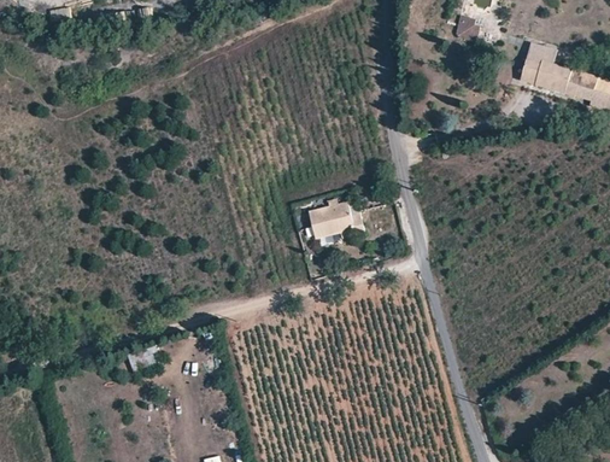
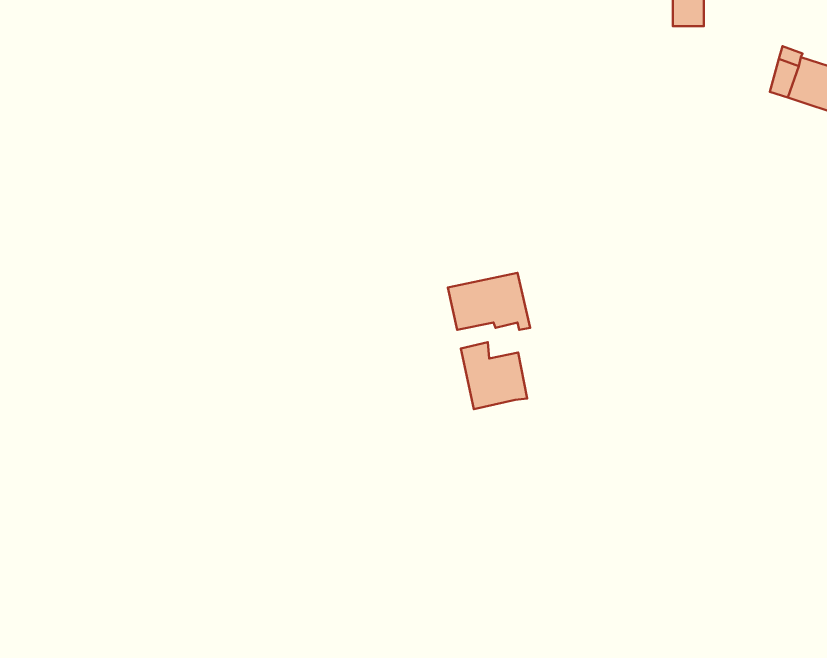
building: none -> [461,342,527,409]

